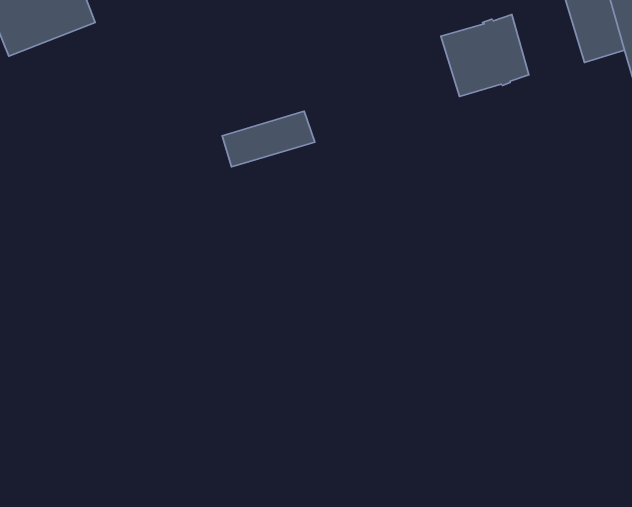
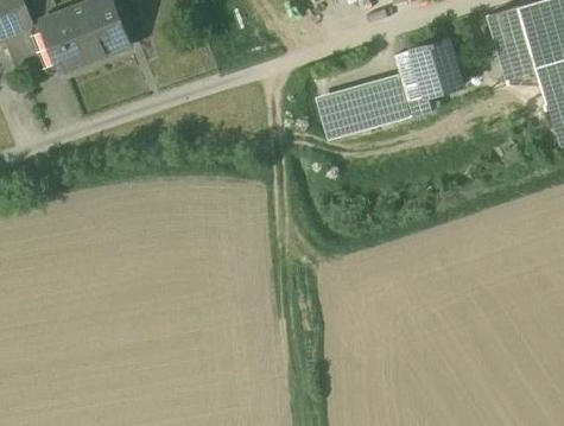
building: [222,111,315,167] -> [332,83,404,126]

